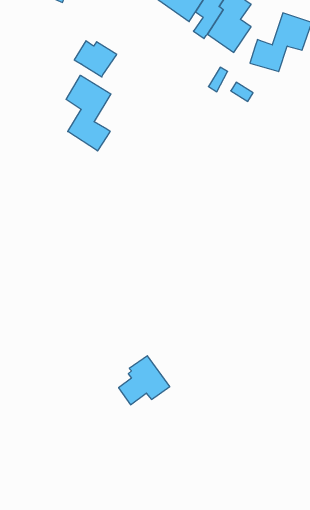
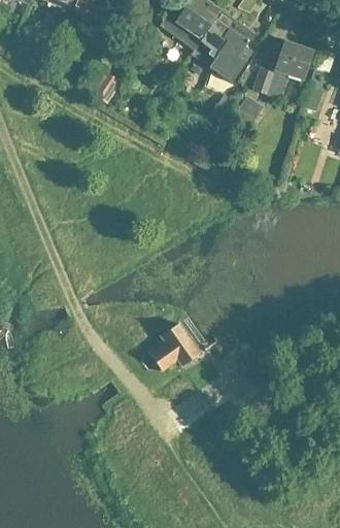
building: [66,75,111,151] -> none
building: [119,356,170,405] -> [150,321,200,368]

